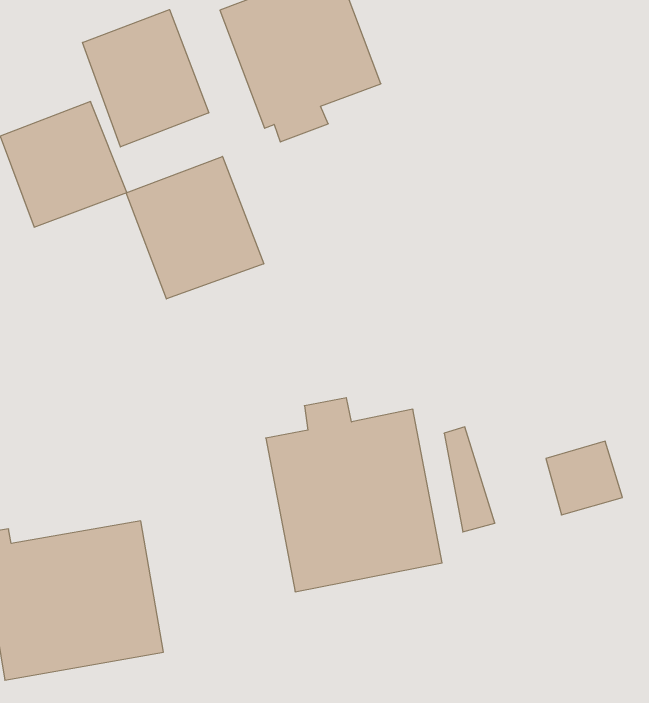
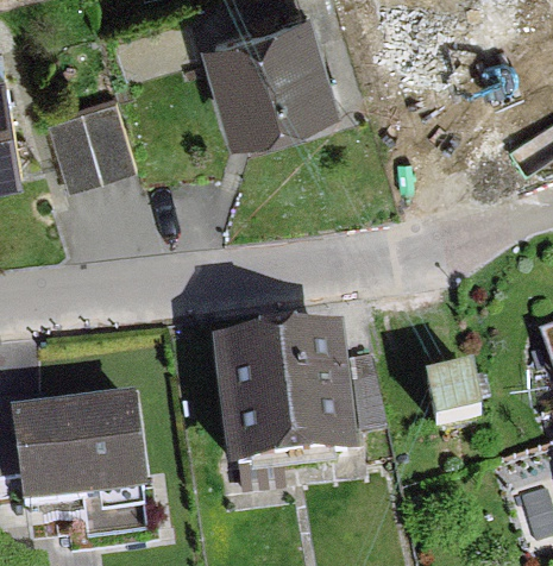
building: [83,10,209,147] -> none
building: [126,156,264,299] -> none

